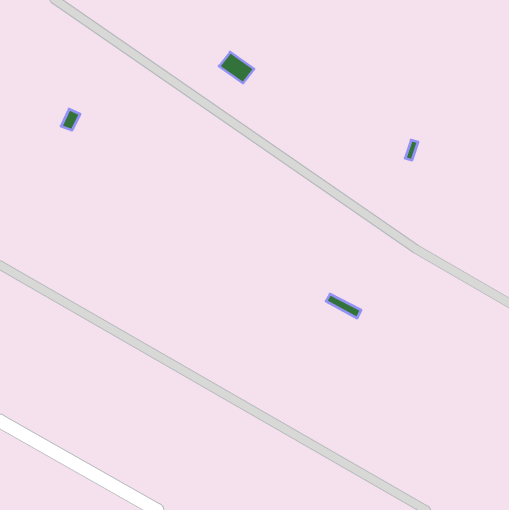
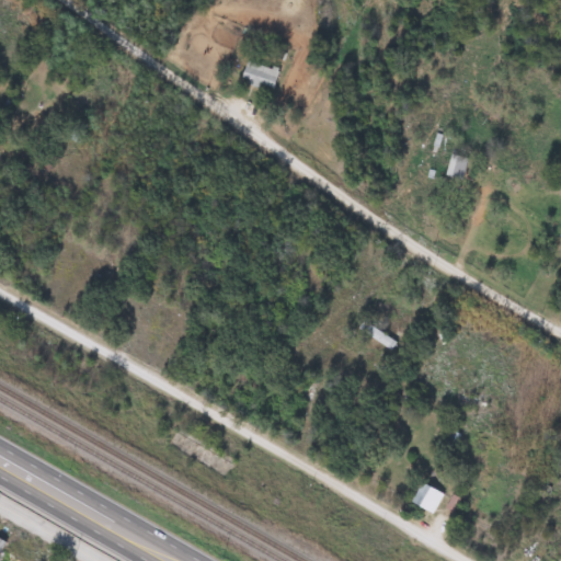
building: none -> [412,482,444,514]

